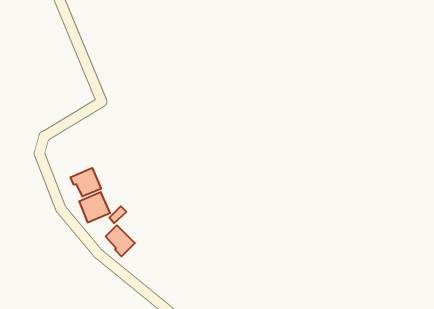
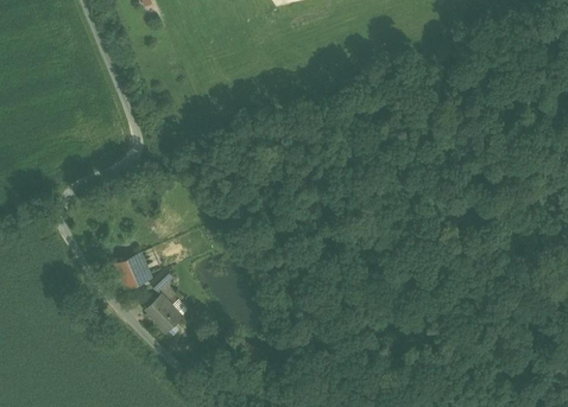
building: [71,168,101,197] -> none

